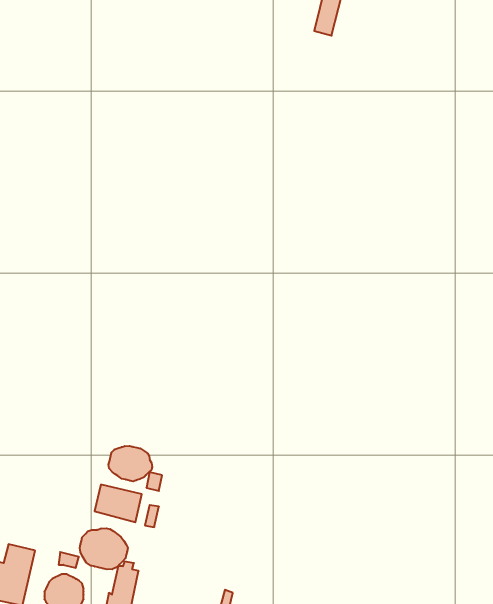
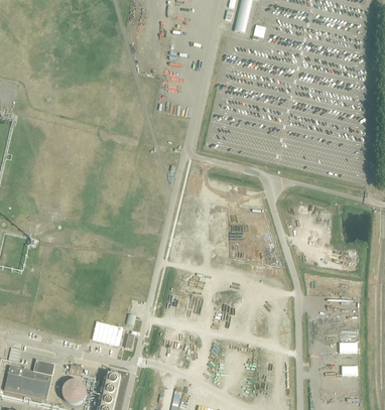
building: [109,446,152,481] -> none
building: [80,528,128,569] -> none

